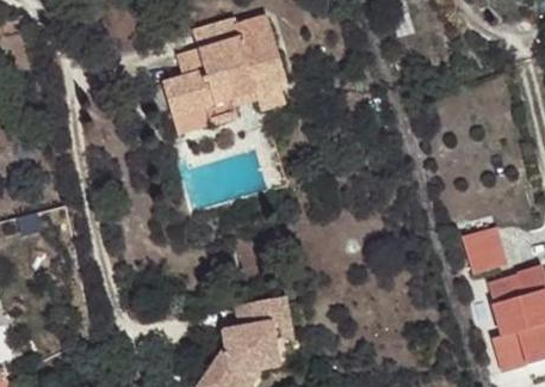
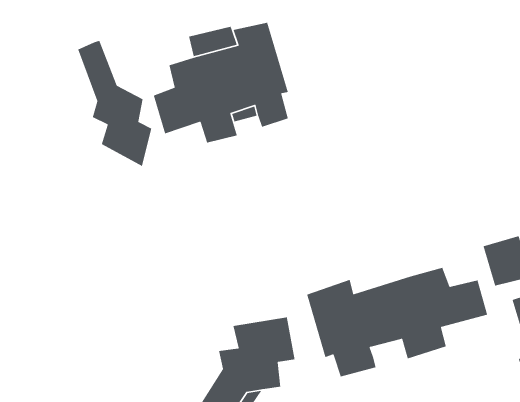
building: none -> [77,40,152,167]
building: none -> [306,267,488,377]

